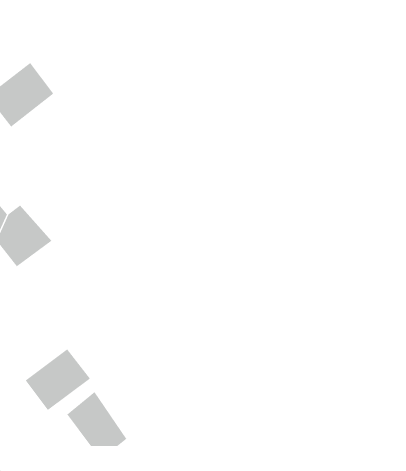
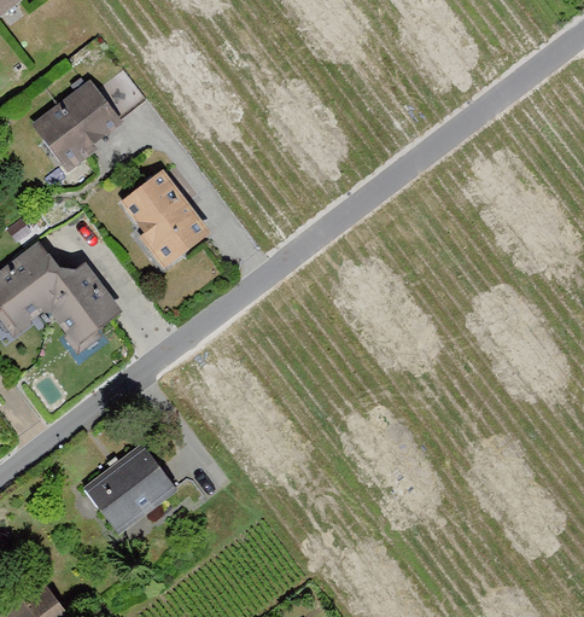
building: none -> [119,169,208,262]
building: [67,391,127,447] -> none

